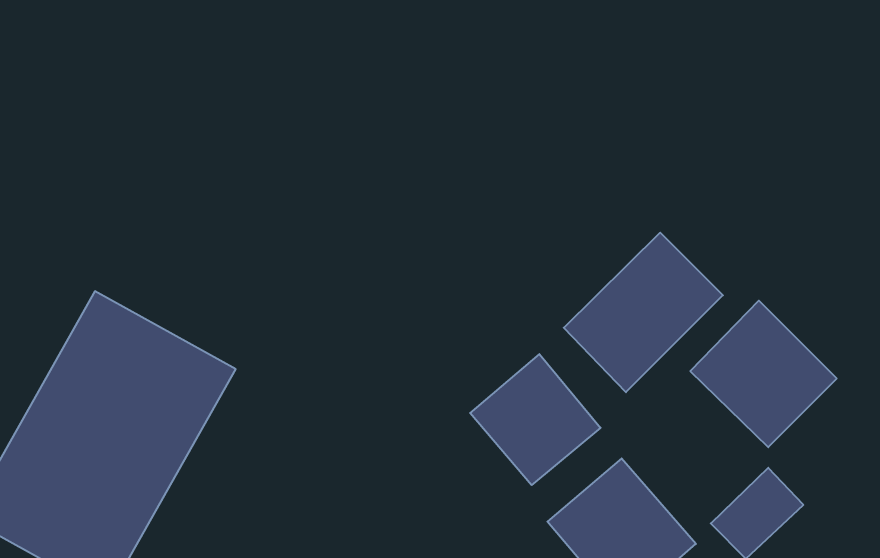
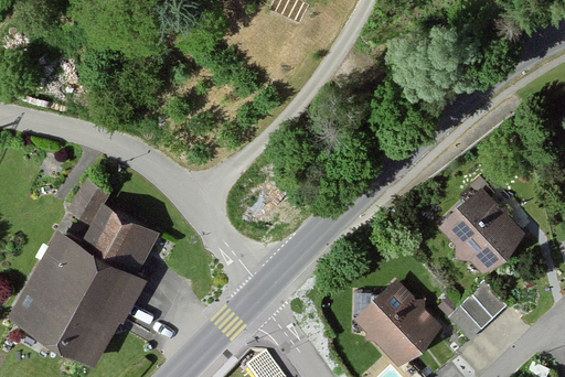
building: [564,233,723,392] -> none
building: [470,354,601,485] -> none

